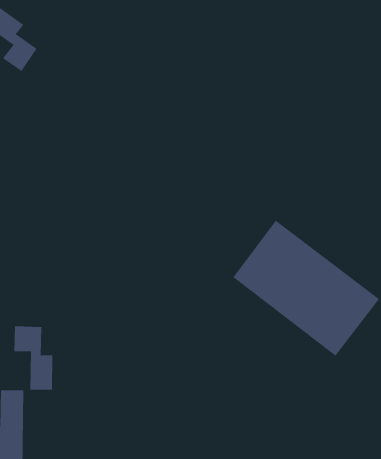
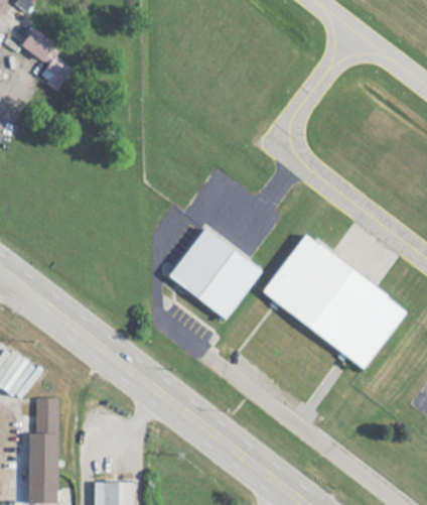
building: none -> [168,228,260,319]
building: [14,326,53,390] -> none

